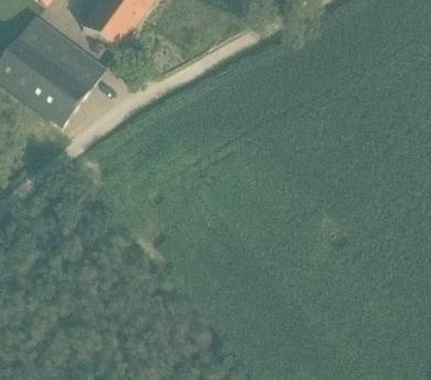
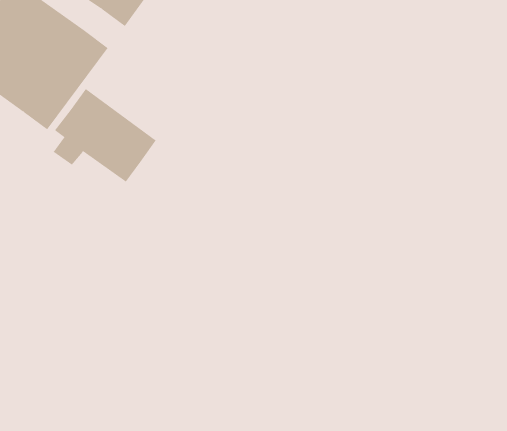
building: none -> [53,88,156,182]

